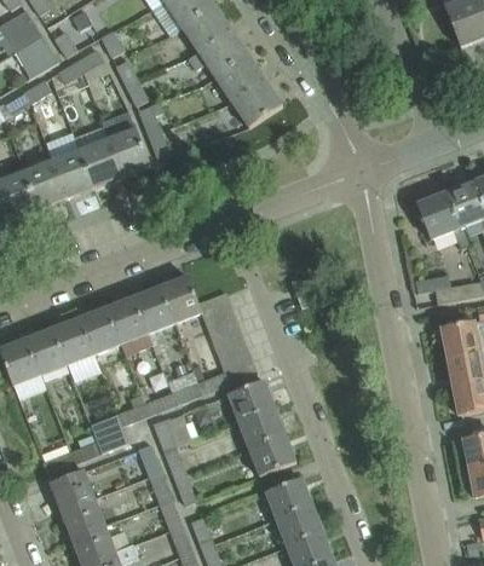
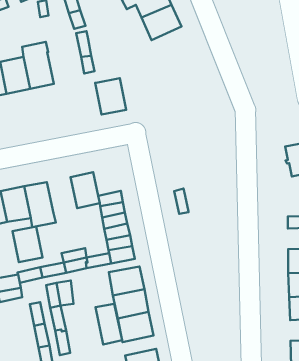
building: [231,79,282,127] -> none
building: [106,127,150,175] -> [95,78,126,115]
building: [133,285,175,333] -> [12,226,43,262]
building: none -> [96,304,122,344]

